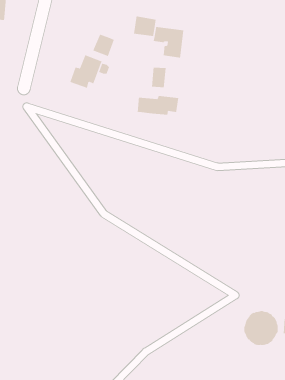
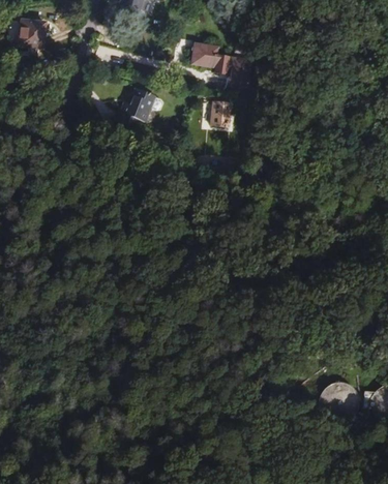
building: [93,34,115,57] -> none
building: [137,95,179,116] -> none

